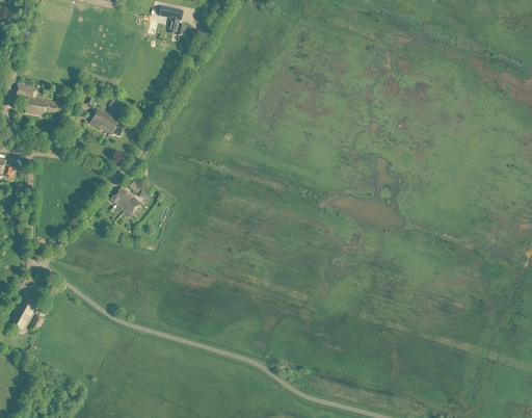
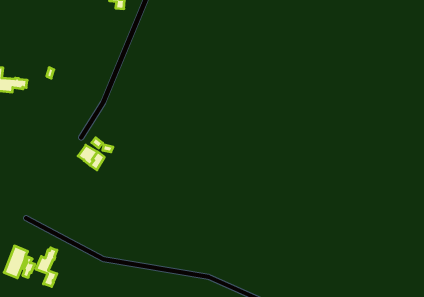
building: [89,107,126,136] -> none
building: none -> [36,248,57,287]

